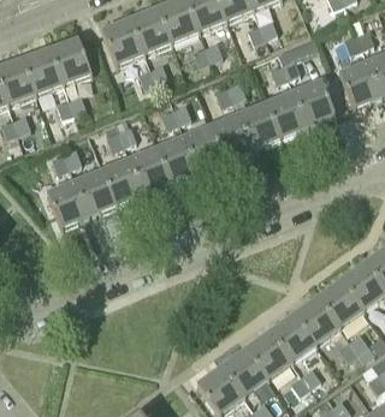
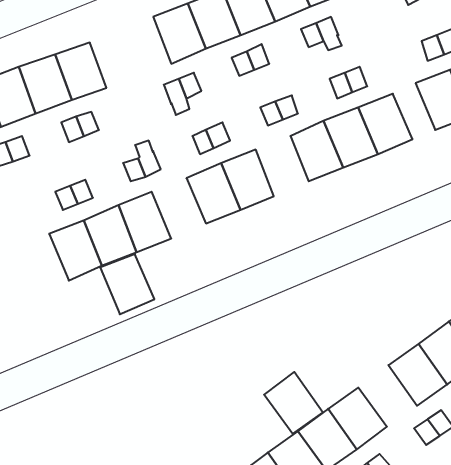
building: [102,17,144,65] -> none
building: [212,112,254,160] -> none
building: [129,145,172,193] -> [100,254,154,314]
building: [294,294,340,344] -> [264,372,323,434]

